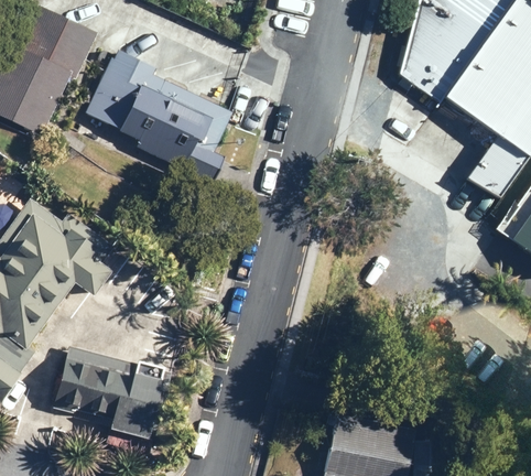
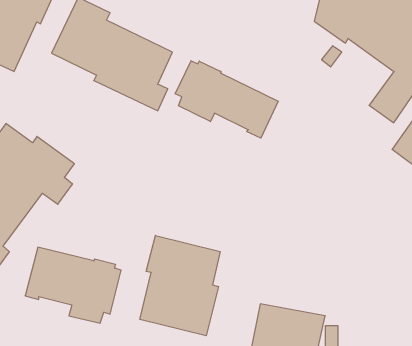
building: none -> [175,61,278,138]
building: none -> [140,235,220,336]

